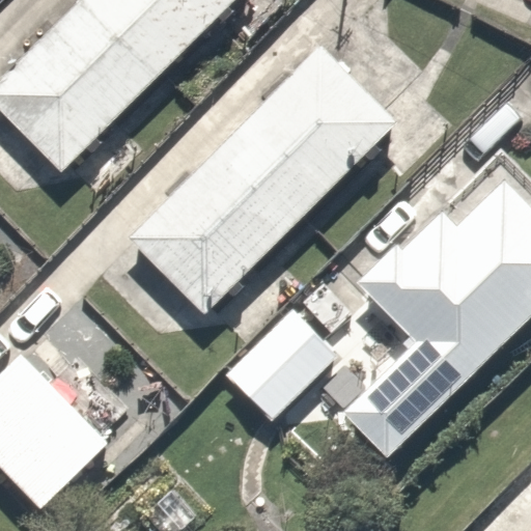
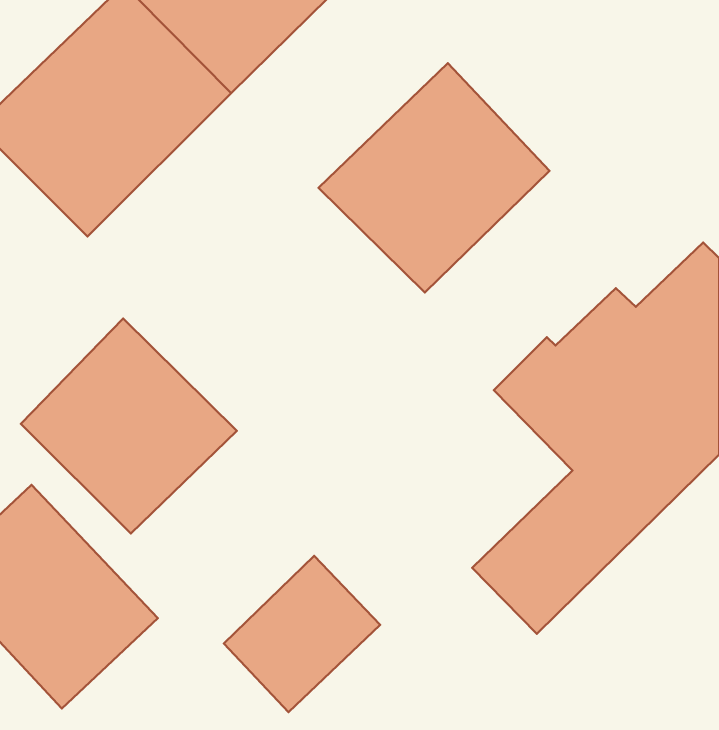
building: [130,136,307,312] -> none
building: none -> [21,319,237,534]
building: [207,305,320,418] -> [224,556,380,712]

